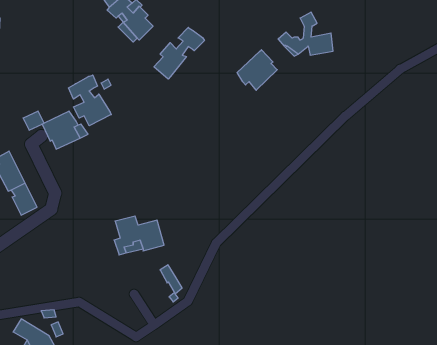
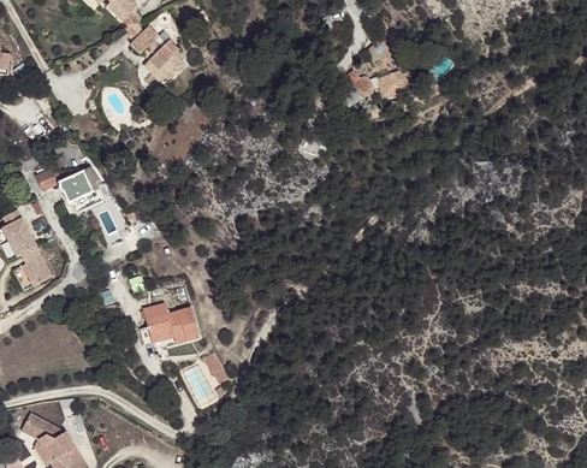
building: [154,27,204,79] -> none
building: [237,50,277,90] -> none
building: [69,75,111,126] -> none

